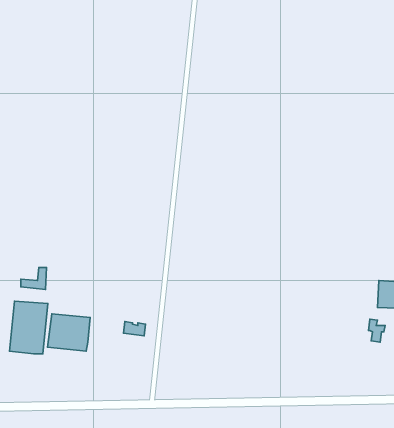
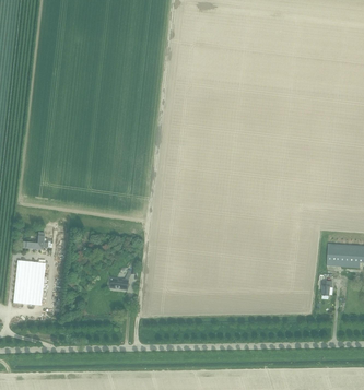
building: [48,314,90,351] -> none

